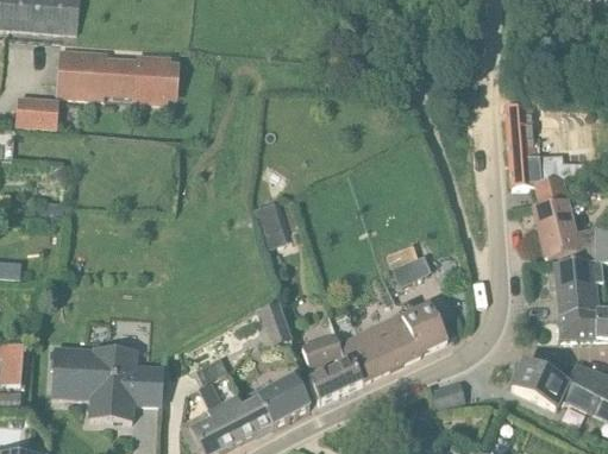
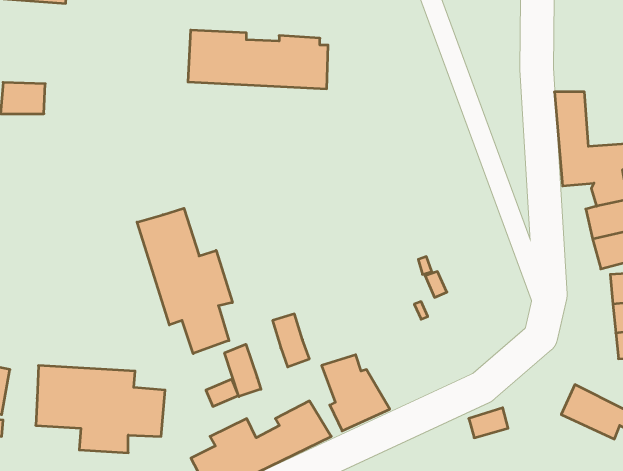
building: [55,50,177,101] -> [188,30,328,89]
building: [255,202,288,250] -> none
building: none -> [137,208,232,354]
building: [331,302,446,383] -> none
building: none -> [225,344,261,397]

